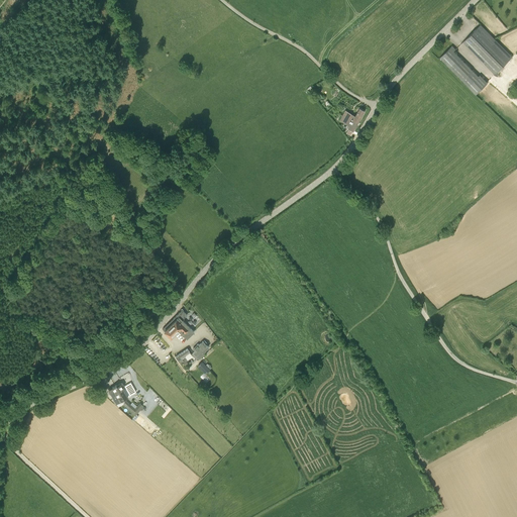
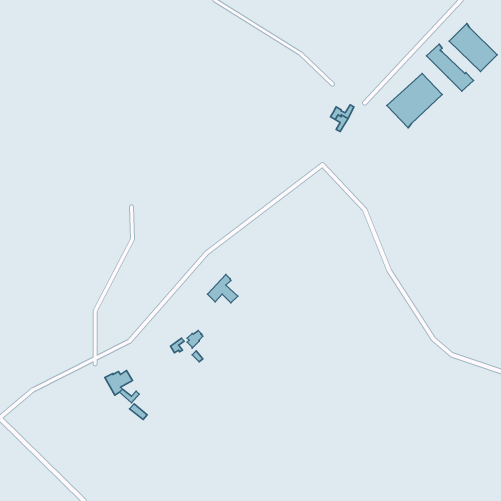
building: none -> [387,73,442,128]
building: [163,309,194,338] -> [207,274,238,303]

